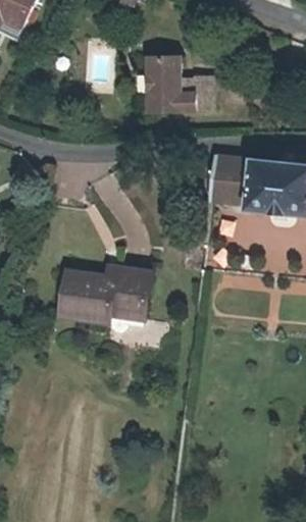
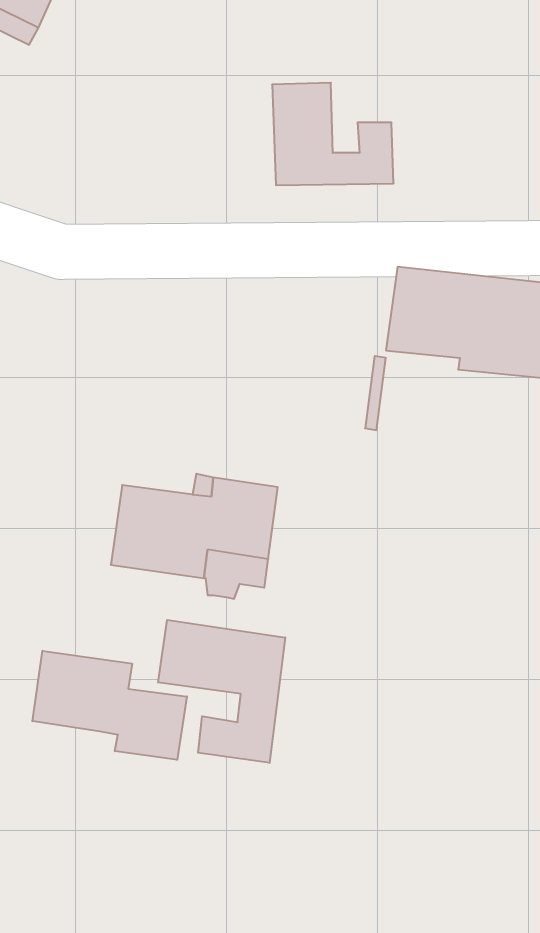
building: none -> [158,620,285,763]
building: none -> [32,651,187,760]

